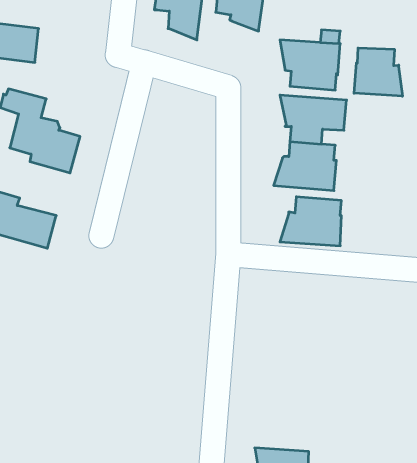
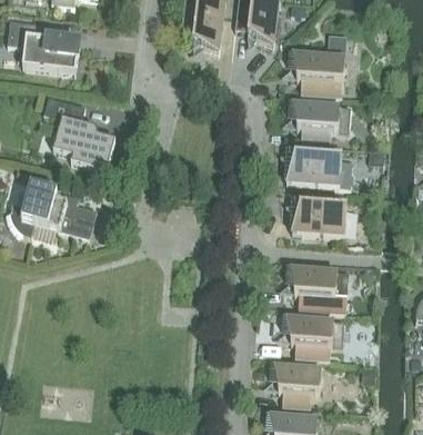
building: [354,48,402,96] -> none
building: none -> [289,267,348,312]
building: none -> [284,316,343,359]
building: none -> [272,365,320,407]

